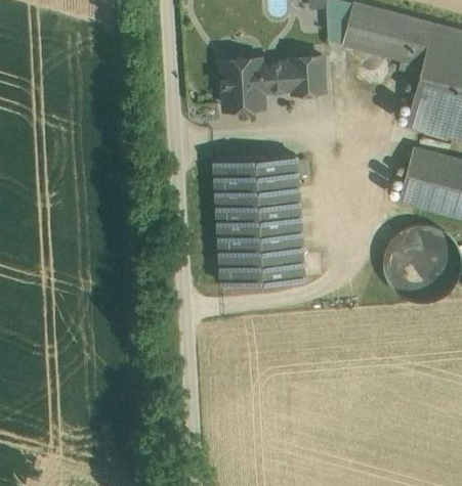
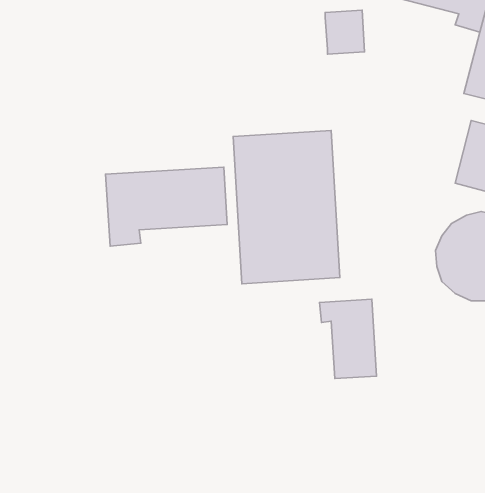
building: [222,58,293,108] -> none
building: none -> [105,167,227,246]
building: none -> [320,299,376,379]

